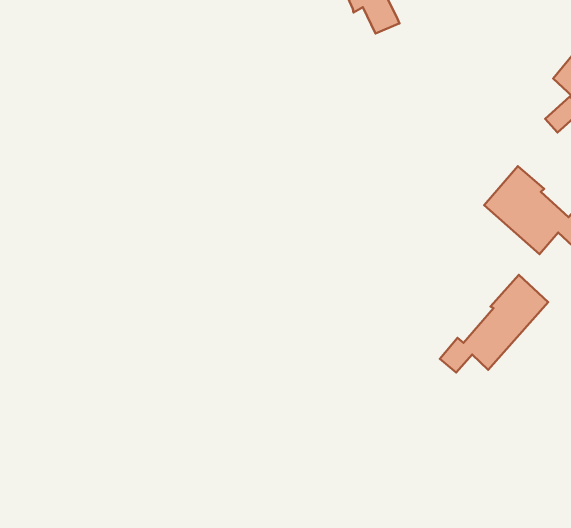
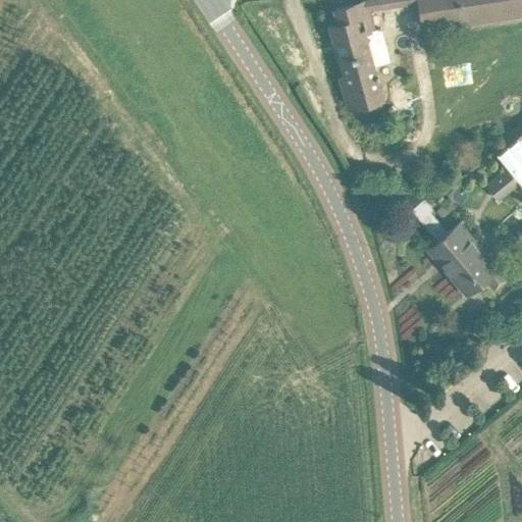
building: [440,275,548,373] -> none

